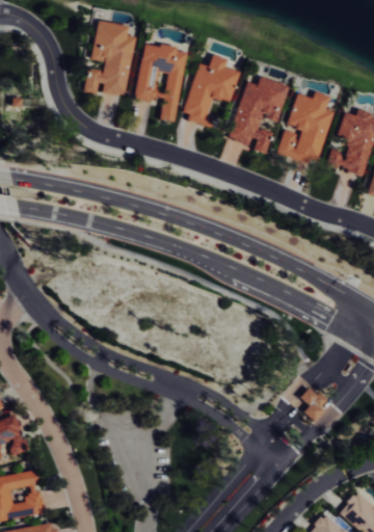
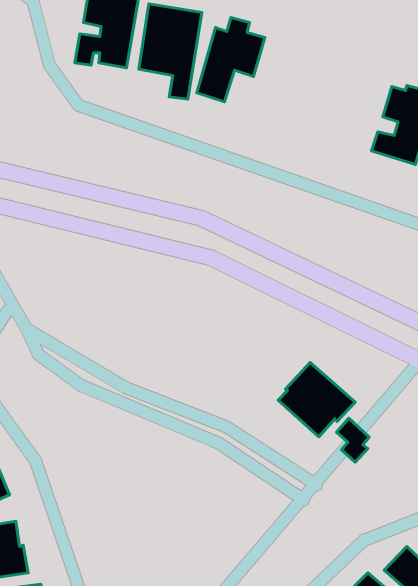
building: [230,77,288,153] -> none
building: [277,90,333,165] -> none
building: none -> [278,363,355,437]

